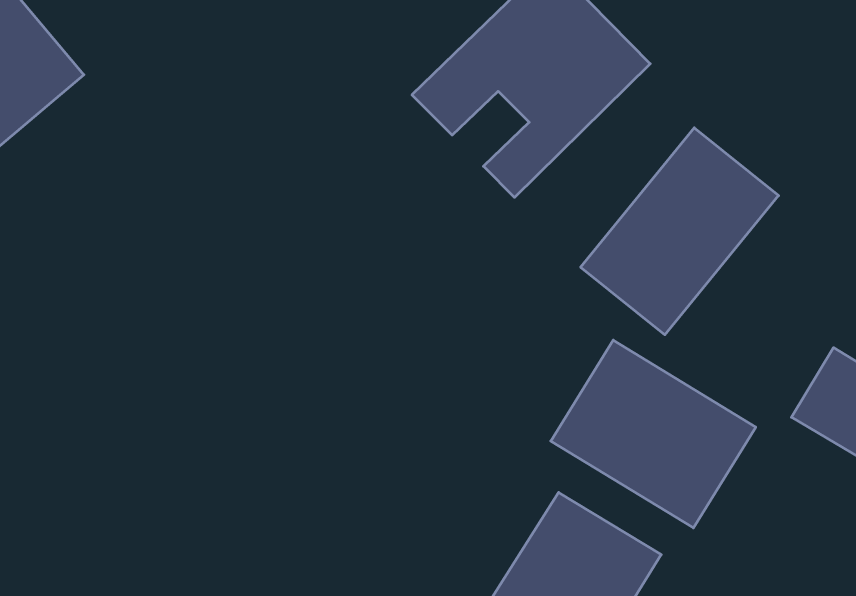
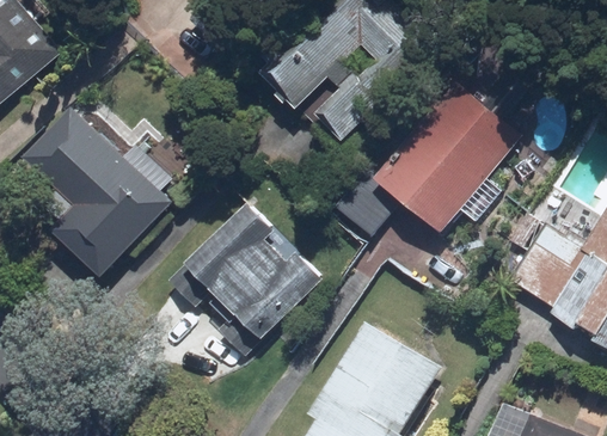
building: none -> [32,112,165,260]
building: none -> [172,211,311,349]
building: [551,340,756,528] -> none

